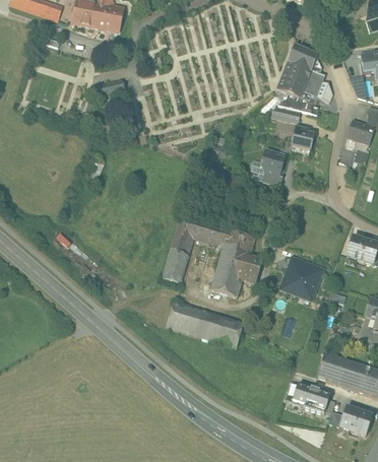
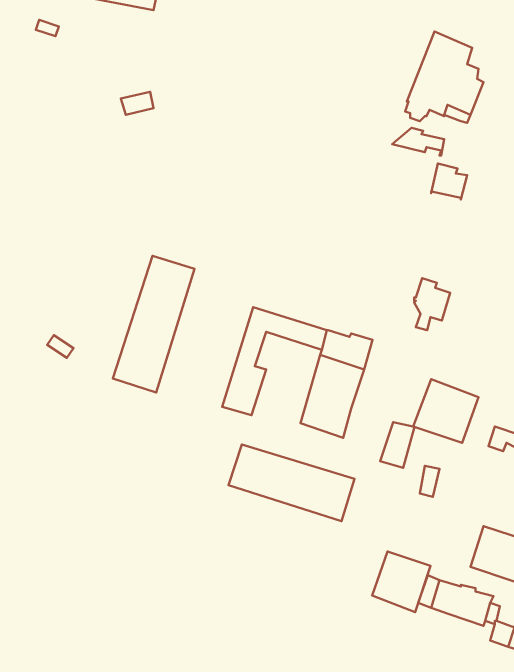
building: [261,149,284,182] -> [414,278,450,330]
building: none -> [113,256,195,393]
building: [242,254,263,282] -> [380,422,415,468]
building: none -> [372,552,431,612]

